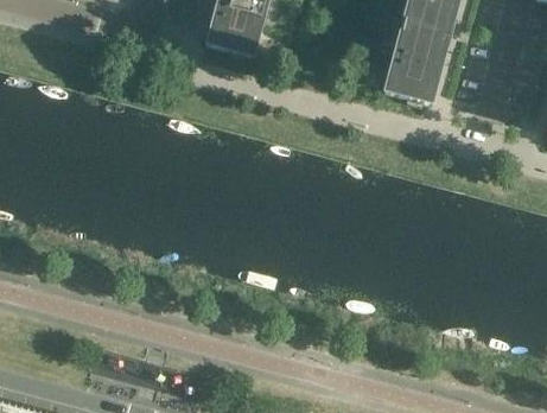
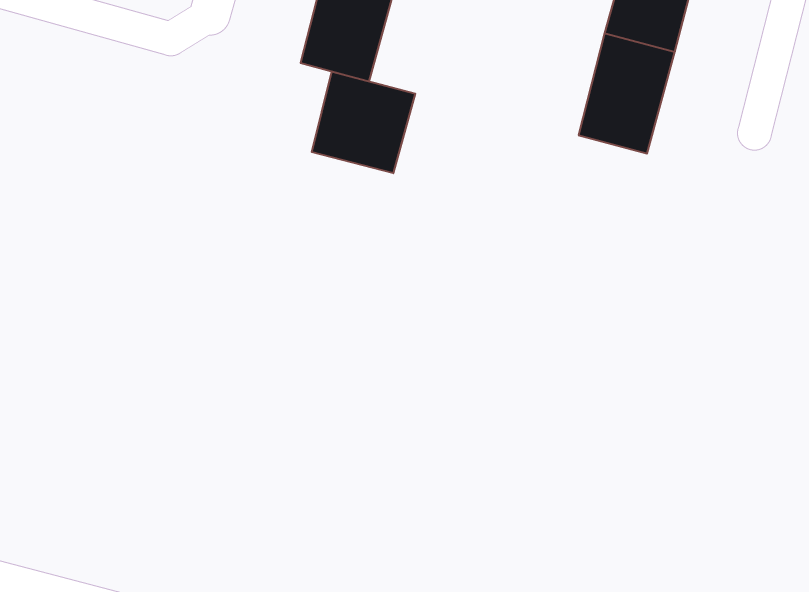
building: none -> [312,72,415,173]

